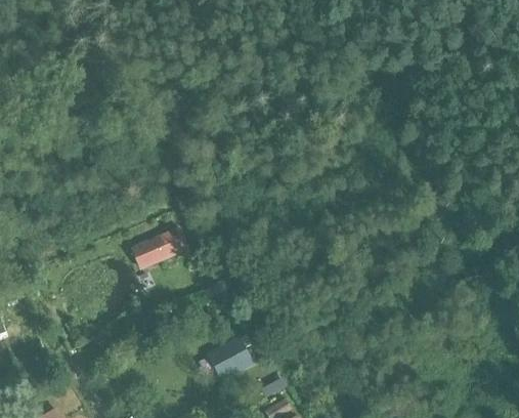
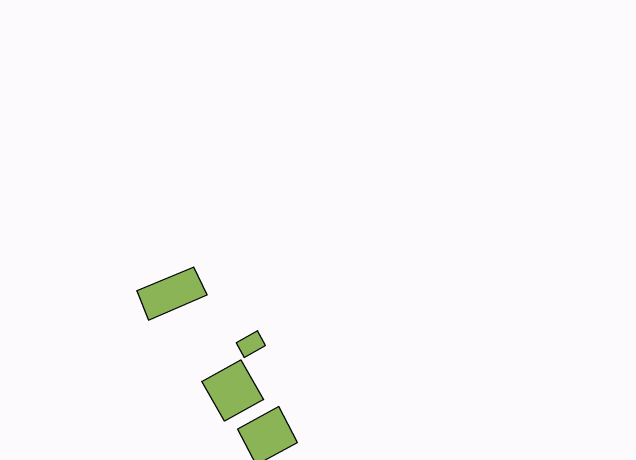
building: none -> [202,360,264,421]

